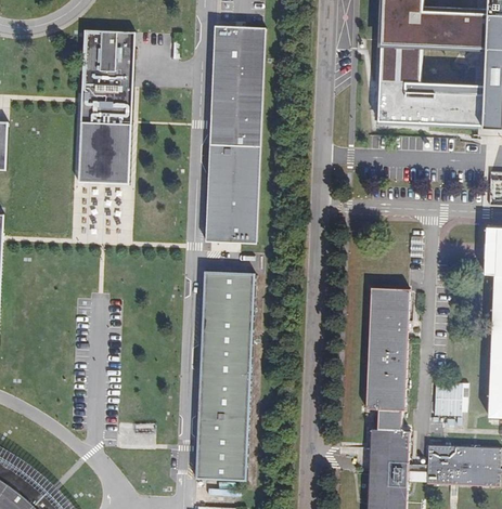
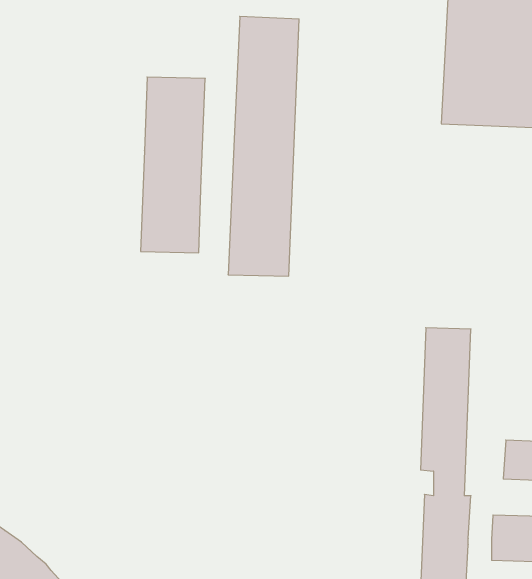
building: [74,37,128,184] -> [141,77,205,253]
building: [193,273,250,480] -> none

